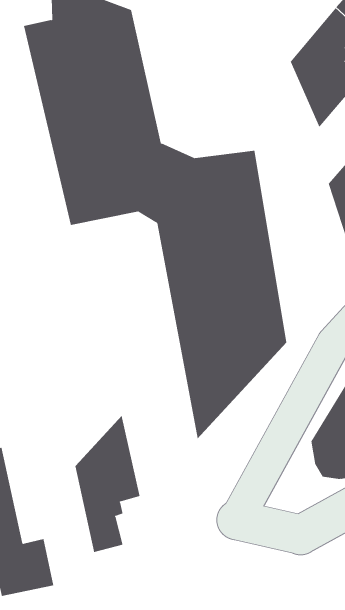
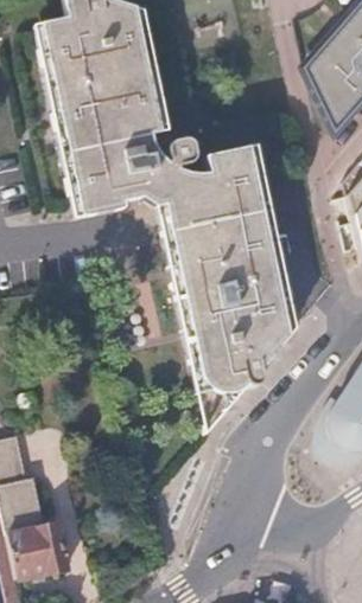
building: [75,415,140,553] -> none

